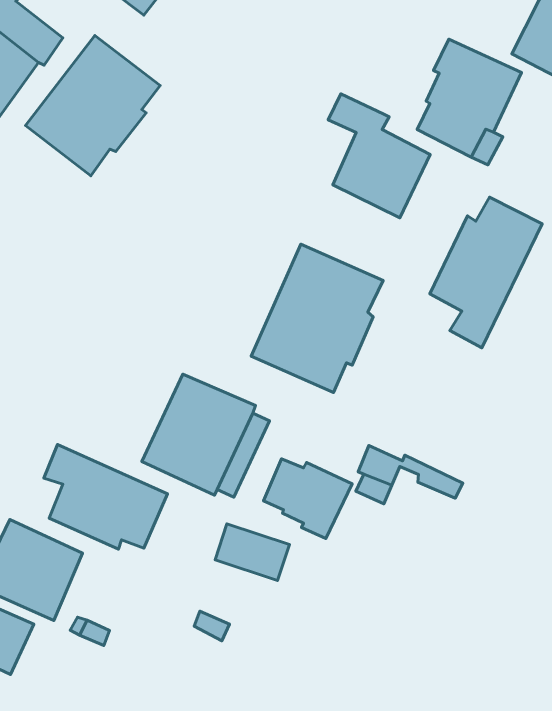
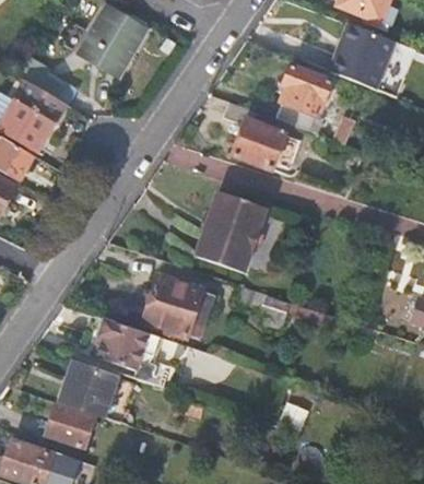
building: [26,35,160,176] -> none
building: [430,197,542,348] -> none
building: [263,459,352,538] -> none

